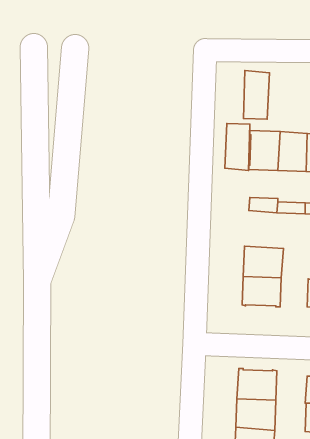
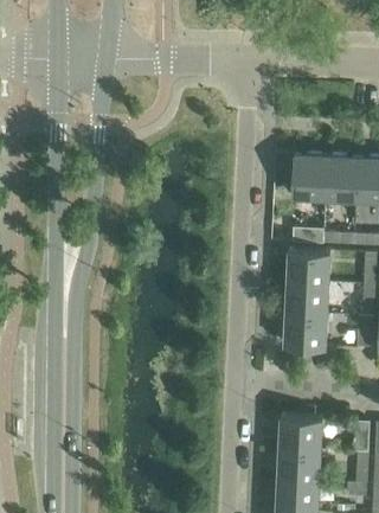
building: [243,70,269,119] -> none
building: [225,123,250,171] -> none
building: none -> [287,250,330,284]

